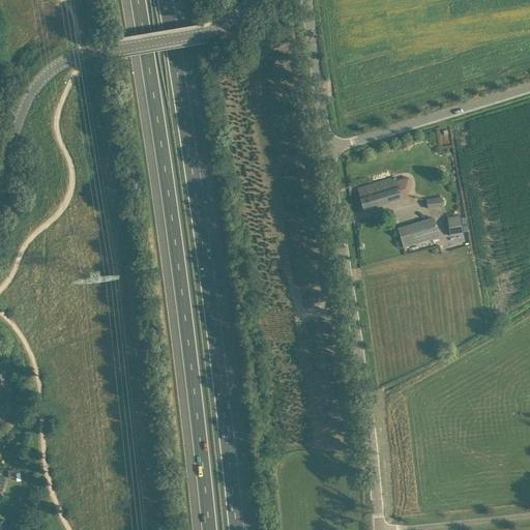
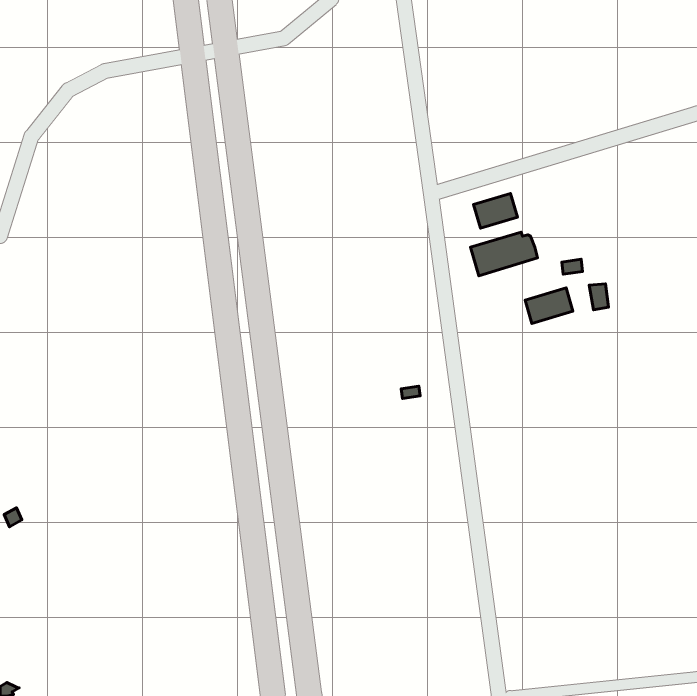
building: none -> [473,194,518,228]

